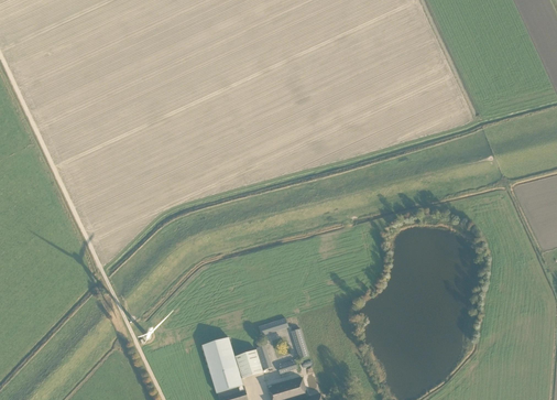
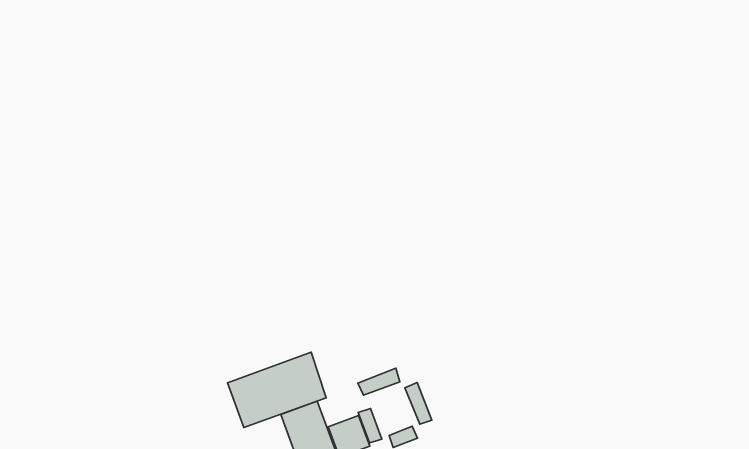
building: none -> [227,352,326,427]

